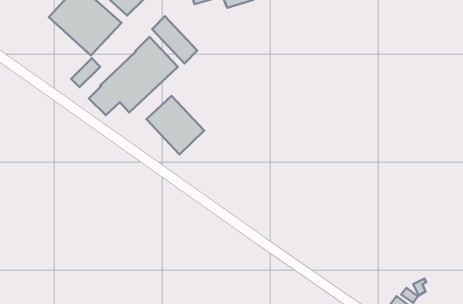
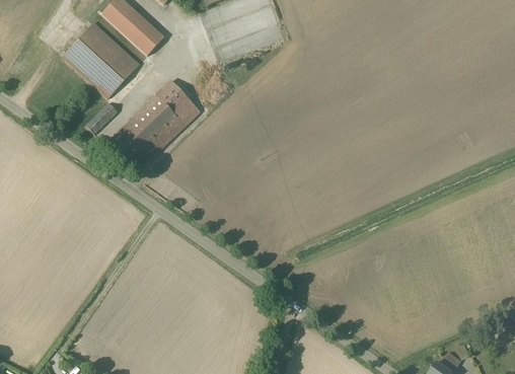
building: [152,16,197,64] -> none
building: [147,96,204,155] -> none

